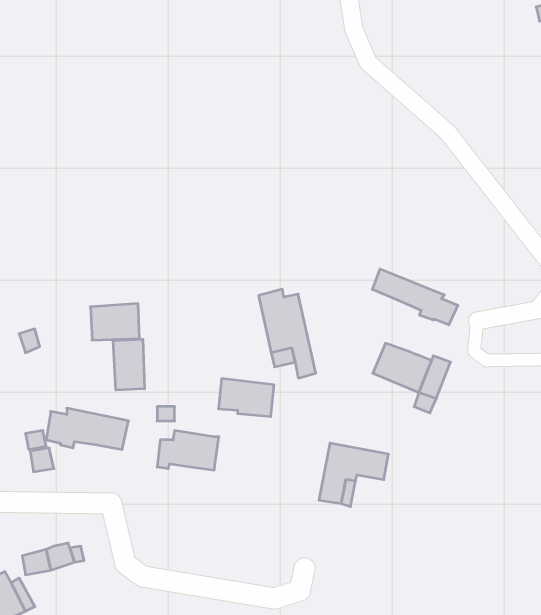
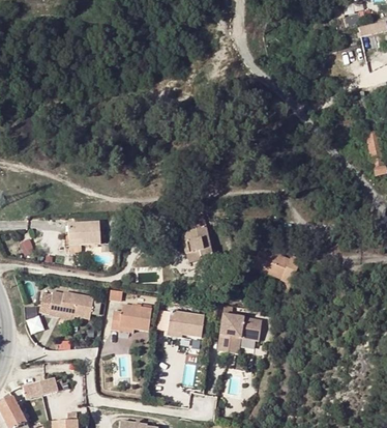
building: [372,269,458,325] -> none
building: [113,339,144,390] -> none
building: [218,379,274,417] -> [169,311,205,336]

